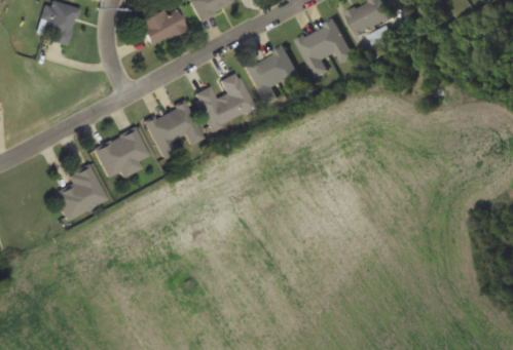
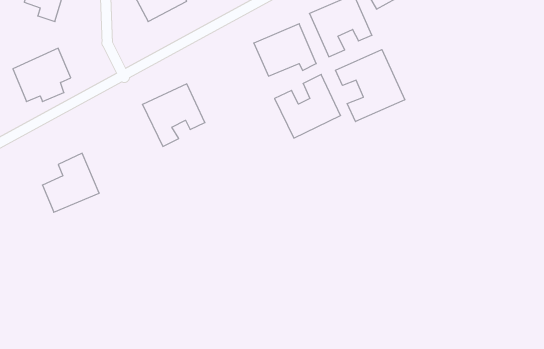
building: none -> [335,50,405,122]
building: [194,72,254,129] -> [275,74,341,138]
building: [96,129,148,178] -> [13,48,71,102]

